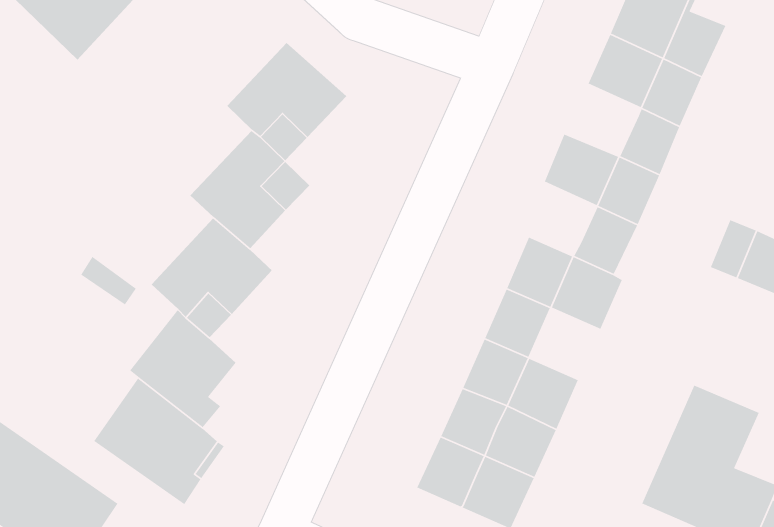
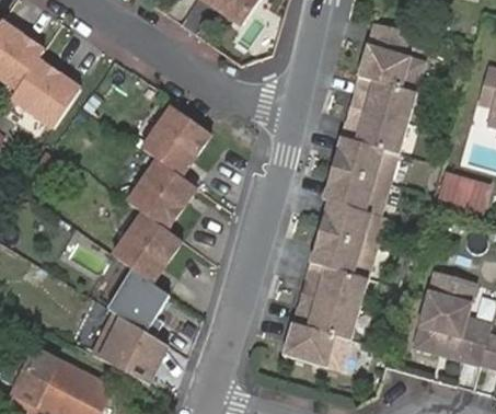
building: none -> [339,106,382,146]
building: none -> [322,166,365,207]
building: none -> [337,239,377,278]

